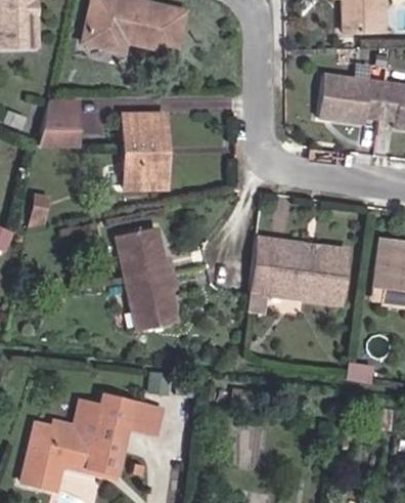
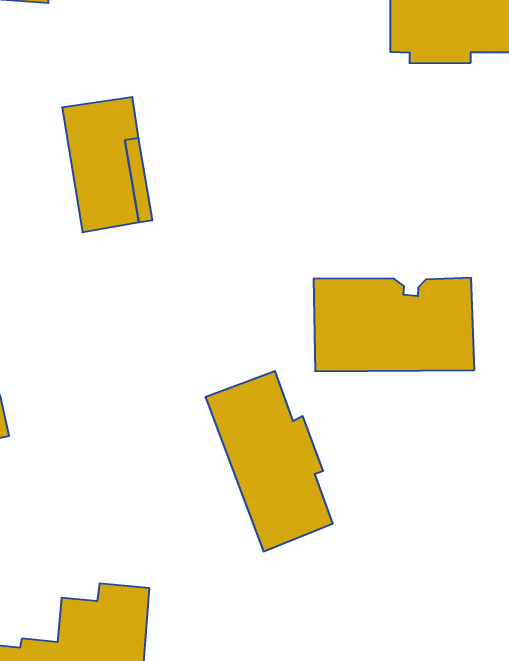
building: [114,226,177,331] -> [205,371,333,551]
building: [126,403,162,437] -> none

